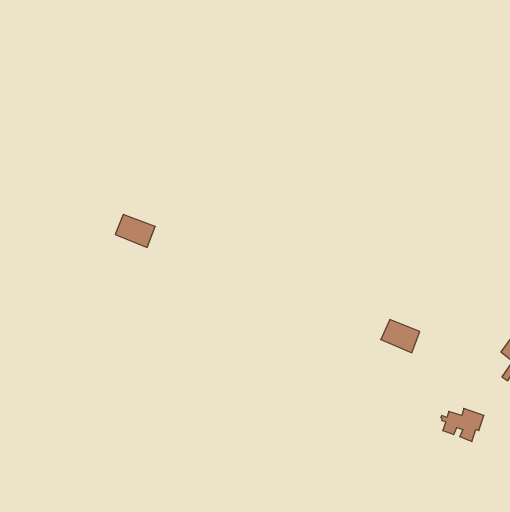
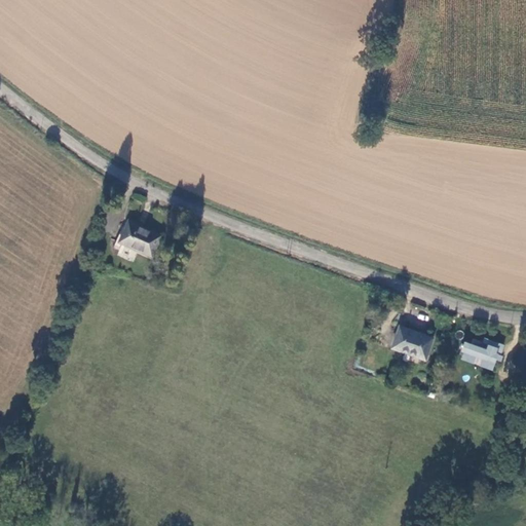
building: [441,408,484,442] -> [459,337,503,371]

